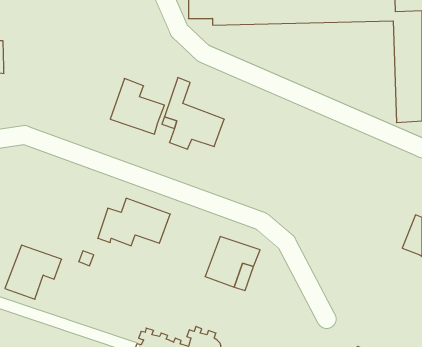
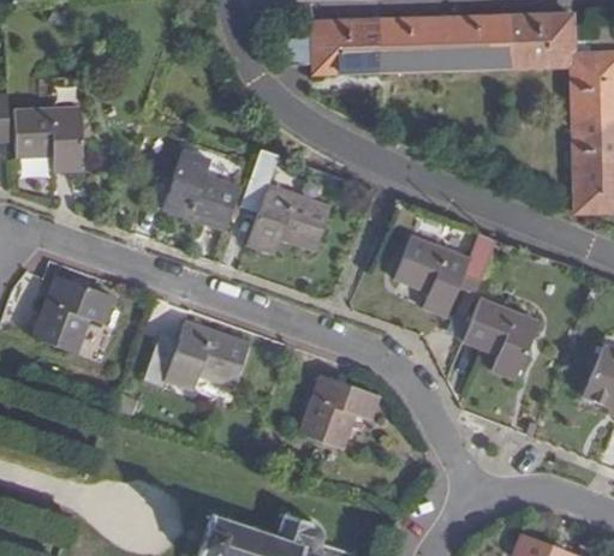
building: none -> [13,108,83,167]
building: none -> [394,237,494,315]
building: none -> [463,299,537,378]
building: [5,245,62,299] -> [34,276,115,354]

